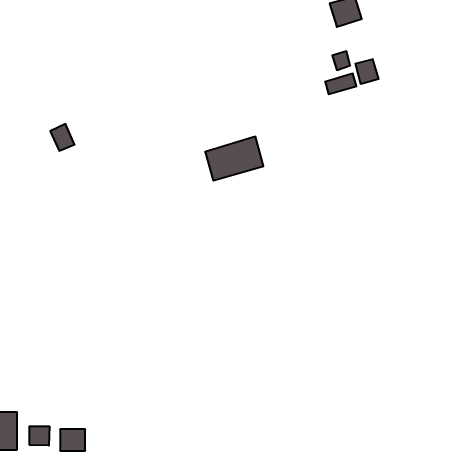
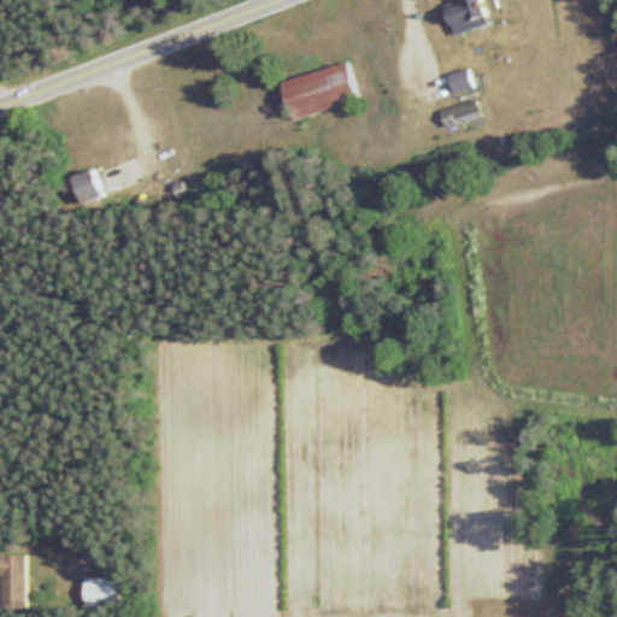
building: [355,59,379,84] -> none
building: [205,137,263,181] -> [277,61,355,121]
building: [29,426,49,446] -> none

